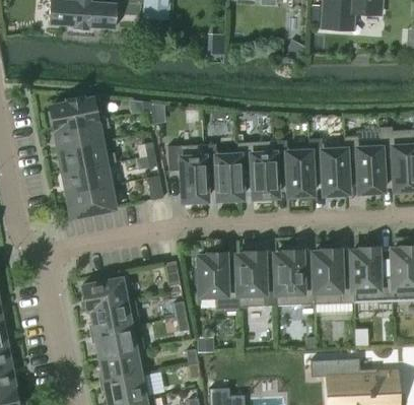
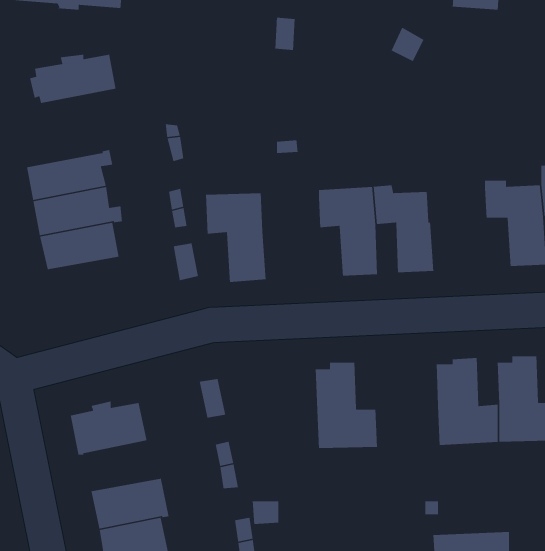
building: [48,96,102,128] -> [29,54,116,104]
building: [307,138,347,193] -> none
building: [203,143,240,199] -> none
building: [68,185,118,215] -> none
building: [274,249,315,305] -> none
building: [195,252,238,312] -> none
building: [91,298,140,332] -> none

